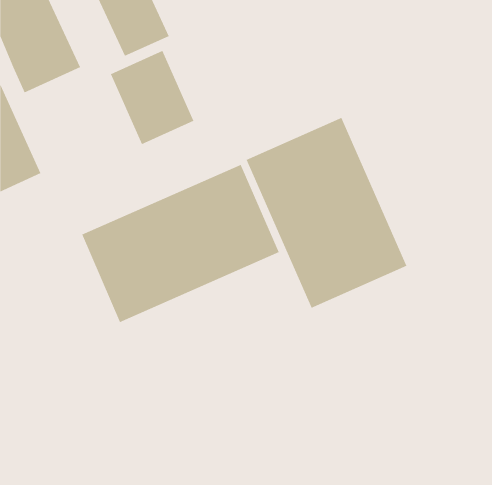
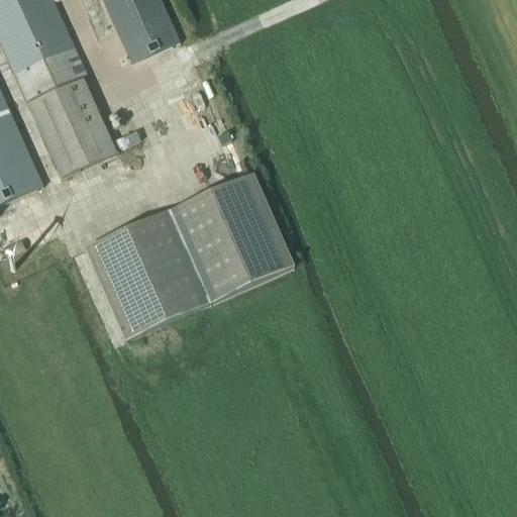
building: [110,50,195,145] -> [26,75,115,175]
building: [246,117,407,309] -> none

